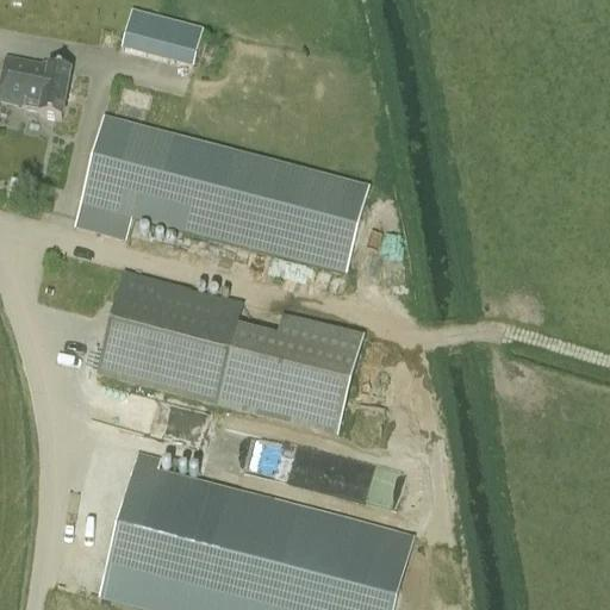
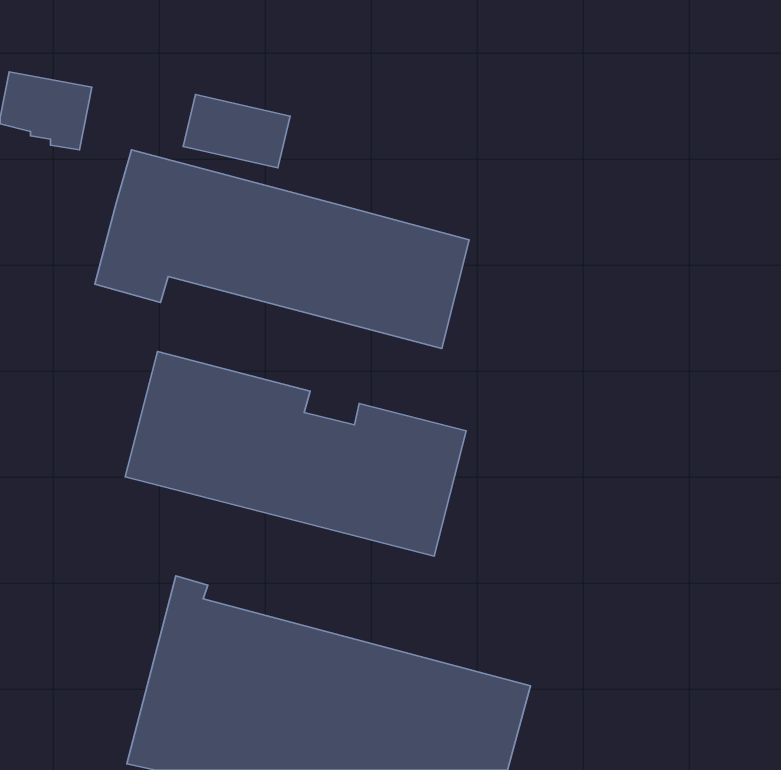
building: [125,6,208,63] -> [183,95,290,168]

